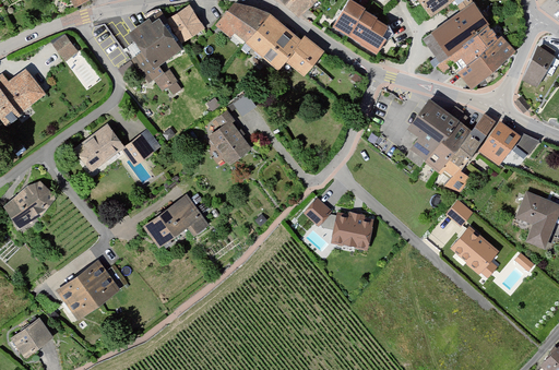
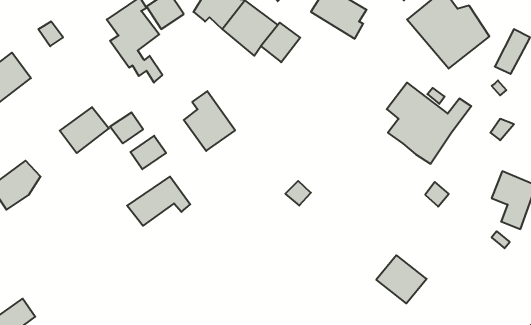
building: [477,123,520,167] -> none
building: none -> [130,136,166,169]
building: [332,208,374,243] -> none
building: [451,219,502,268] -> [376,255,427,303]
building: [59,259,119,318] -> none

